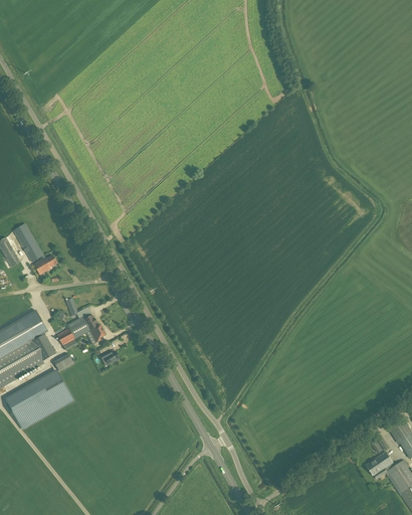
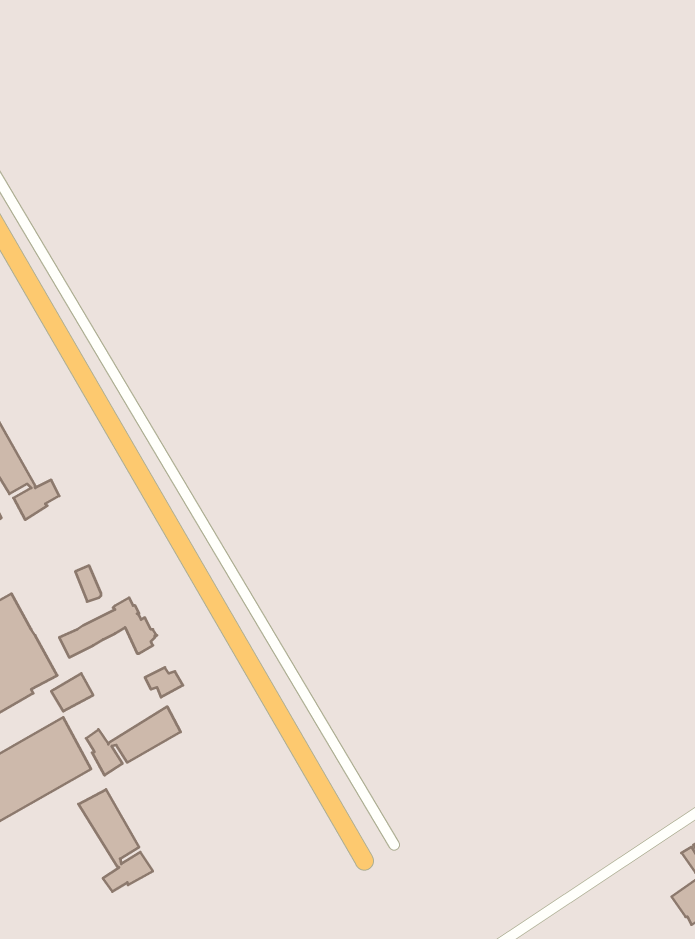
building: none -> [86,707,181,775]
building: none -> [78,789,153,892]

